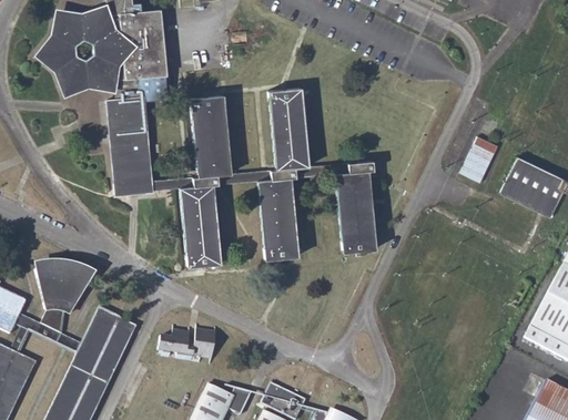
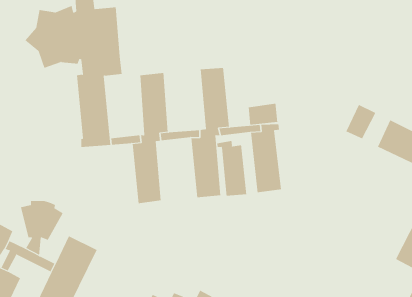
building: none -> [248,103,278,125]
building: none -> [217,140,247,197]
building: [156,327,216,359] -> none

